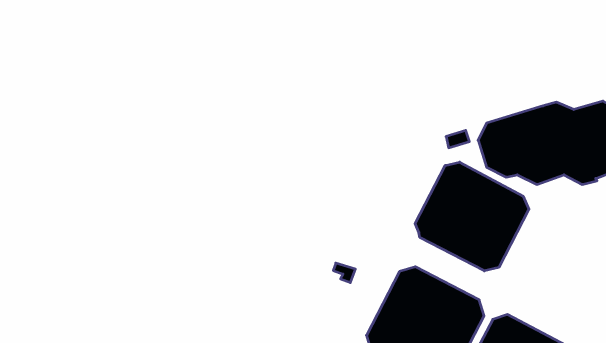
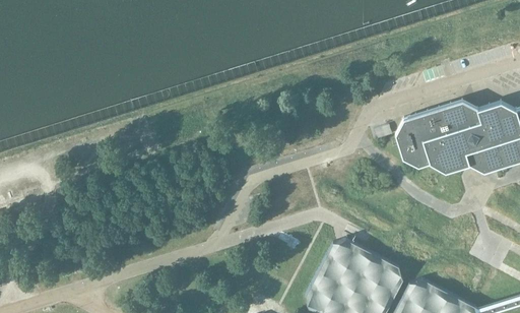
building: [415,162,529,271] -> none

